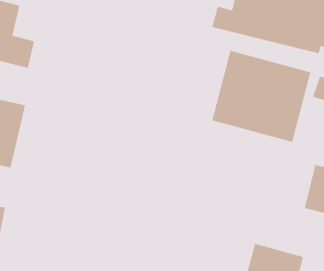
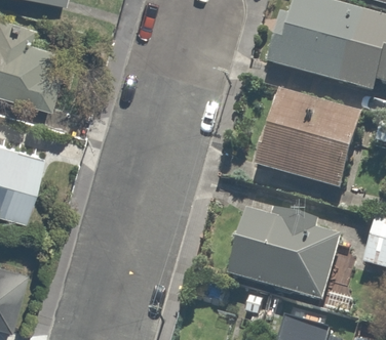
building: none -> [224,213,335,297]

